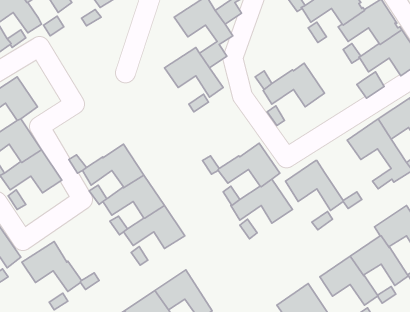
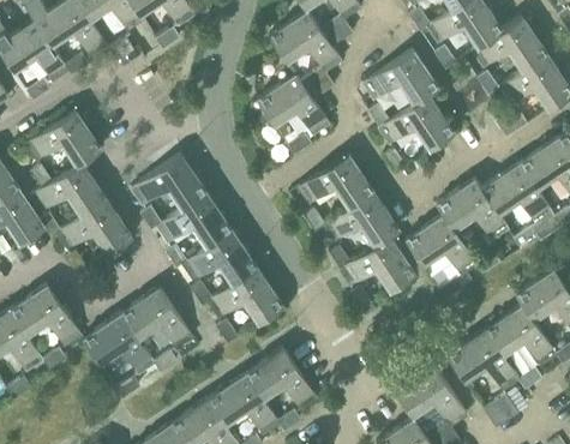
building: none -> [362,48,438,103]
building: none -> [298,152,373,209]
building: none -> [130,155,206,210]
building: none -> [437,178,509,240]
building: none -> [121,288,192,349]

